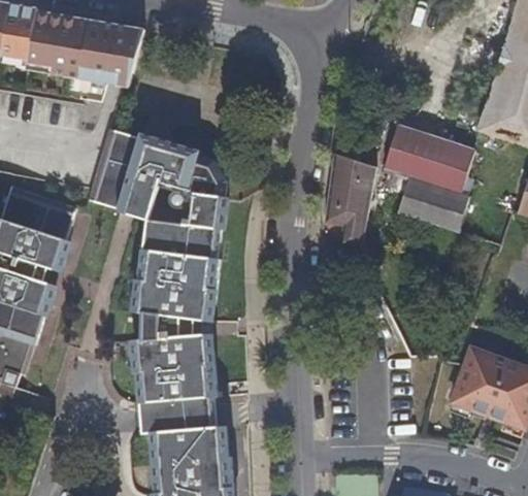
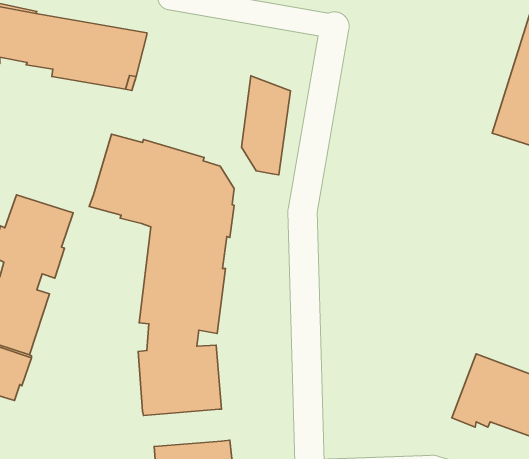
building: [384,124,474,232] -> none
building: [326,153,373,249] -> [241,76,290,175]
building: [141,396,217,433] -> none

